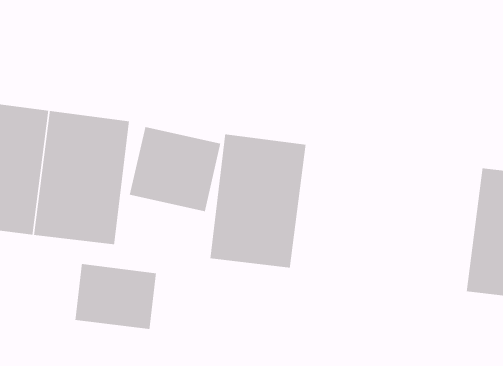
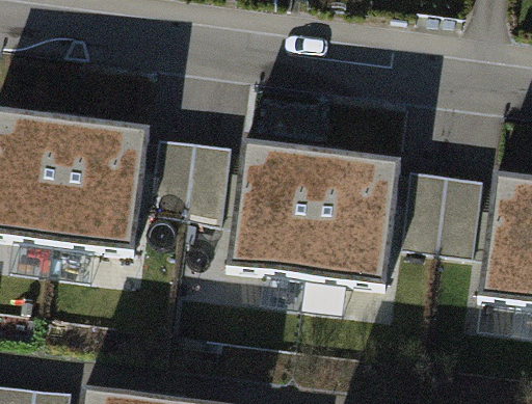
building: none -> [309,152,403,284]
building: none -> [406,169,491,250]
building: [75,263,157,330] -> none

